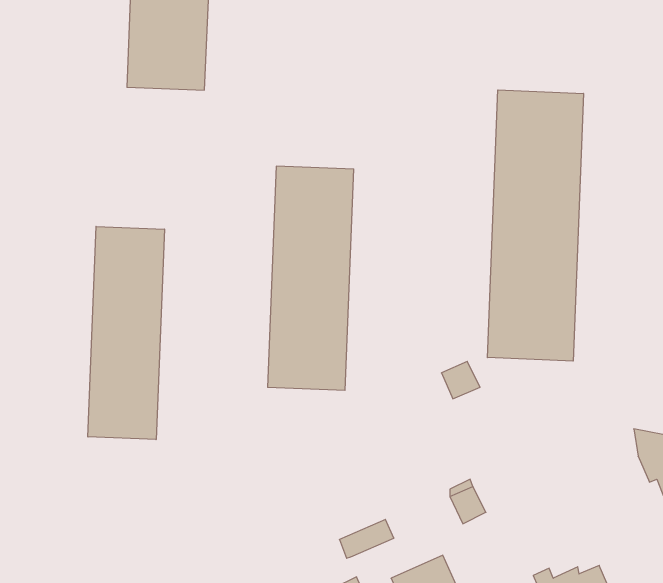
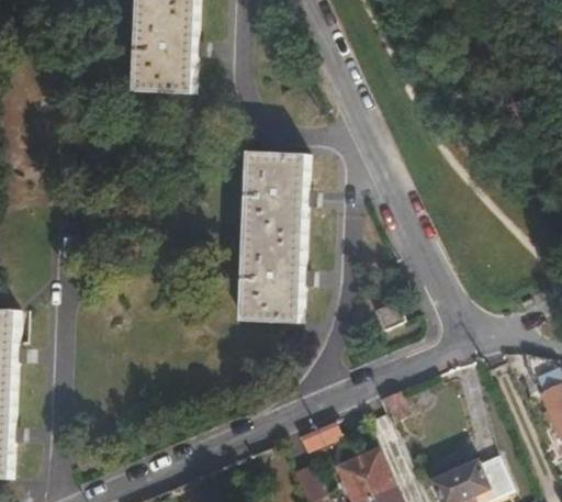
building: [487,90,583,361] -> none
building: [88,226,164,440] -> none

